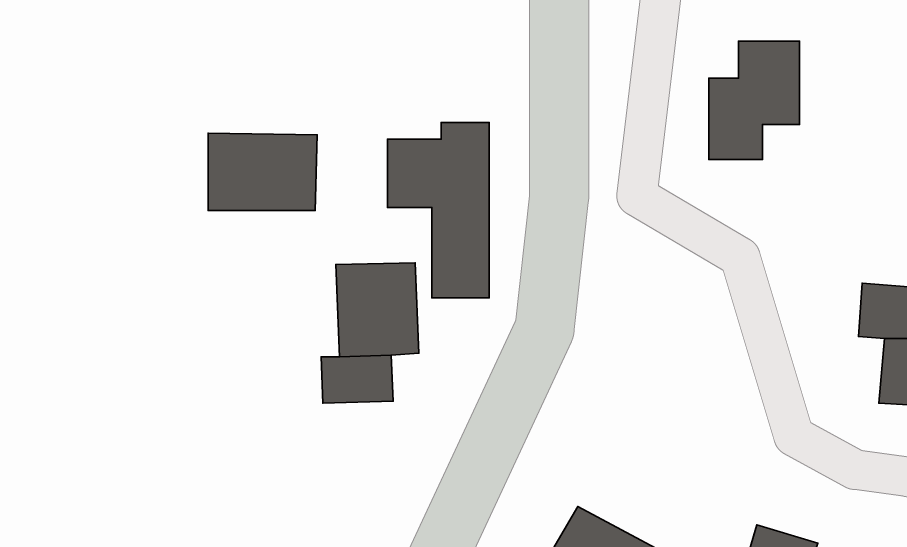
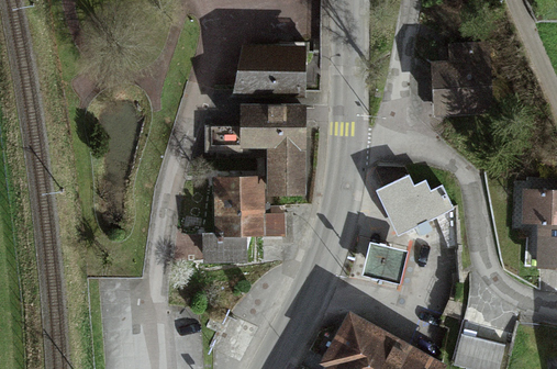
building: [208,133,317,211] -> [239,47,304,93]
building: none -> [378,177,449,233]
building: none -> [356,234,403,277]

